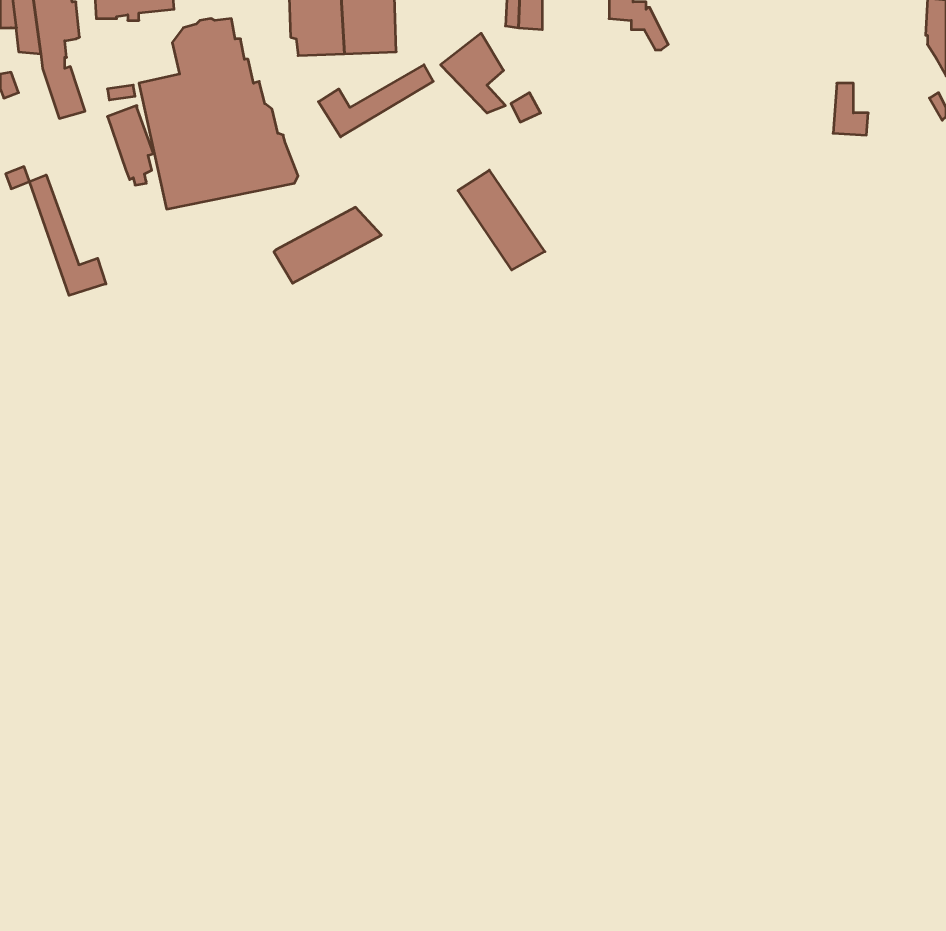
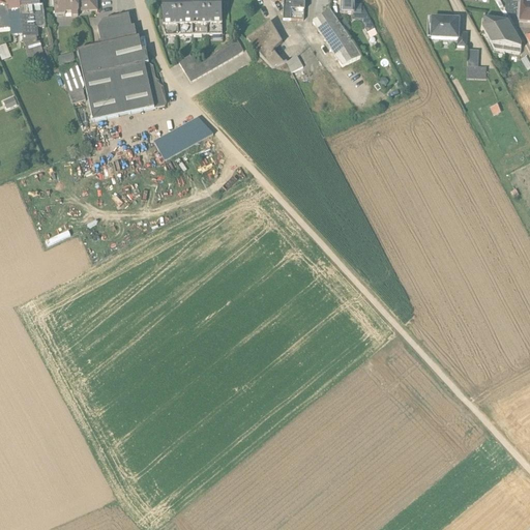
building: none -> [481,14,521,50]
building: none -> [431,16,467,43]
building: [458,170,545,270] -> [312,7,360,63]
building: [30,175,106,295] -> none

